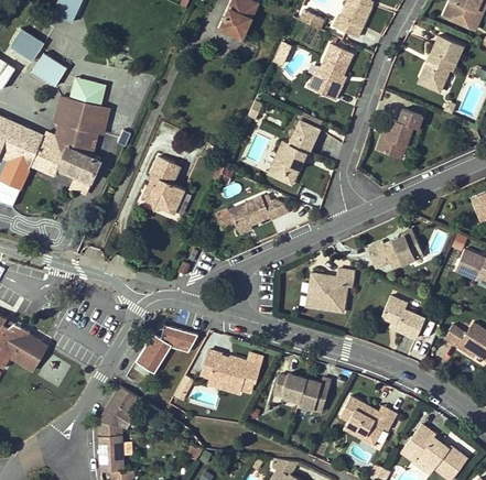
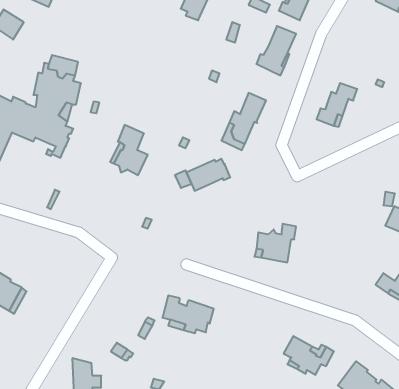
building: [420,35,462,89] -> none
building: [31,53,66,86] -> none
building: [367,229,422,269] -> none
building: [380,295,424,338] -> none
building: [137,321,195,370] -> none
building: [272,373,331,412] -> none
building: [98,386,137,428] -> none

